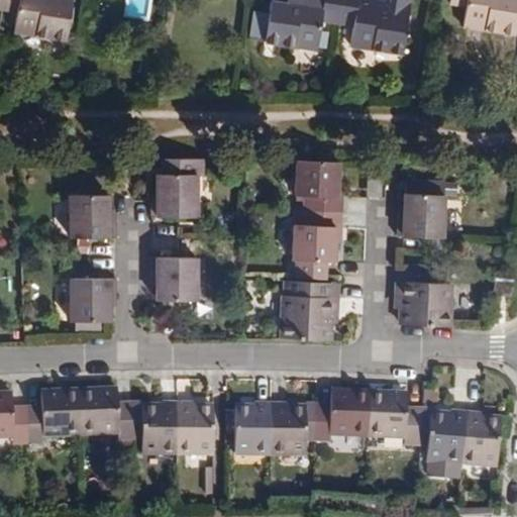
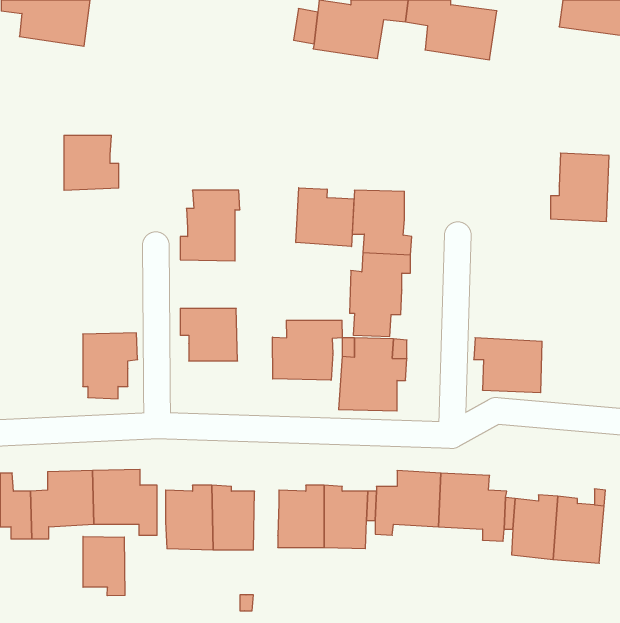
building: none -> [296,188,354,247]
building: [398,180,446,236] -> [551,153,609,221]
building: [71,193,116,238] -> [64,135,119,190]
building: none -> [273,320,342,380]
building: none -> [83,536,125,596]

